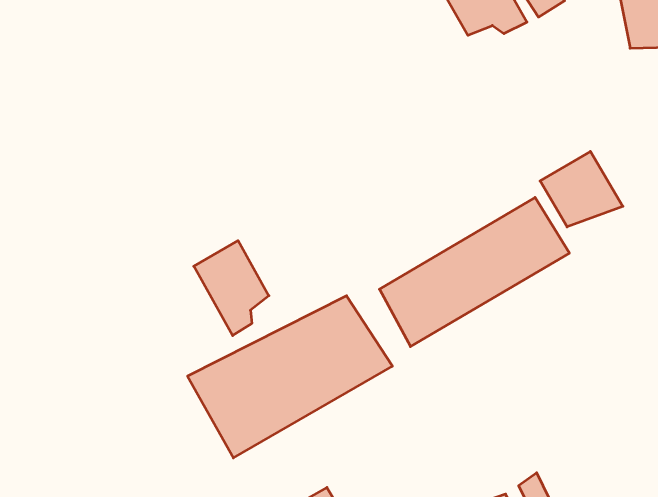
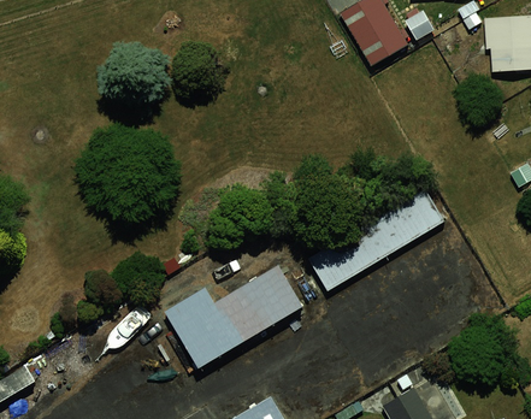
building: [540,151,623,227] -> none
building: [194,241,269,336] -> none

